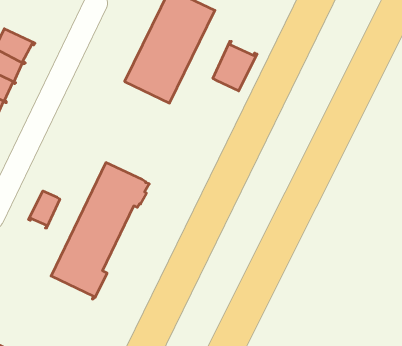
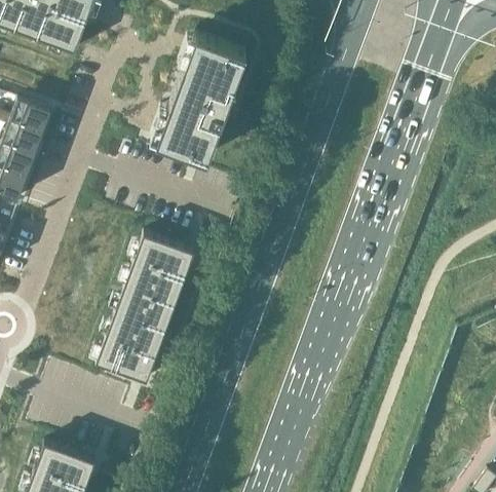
building: [213,41,257,91] -> none
building: [29,191,60,228] -> none

